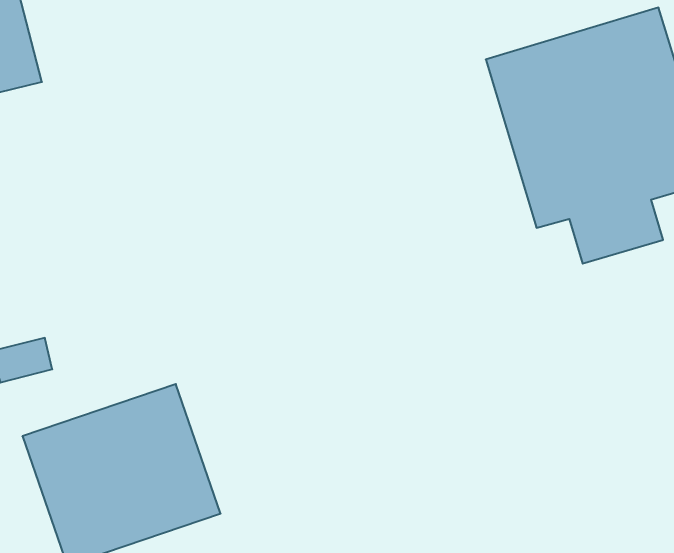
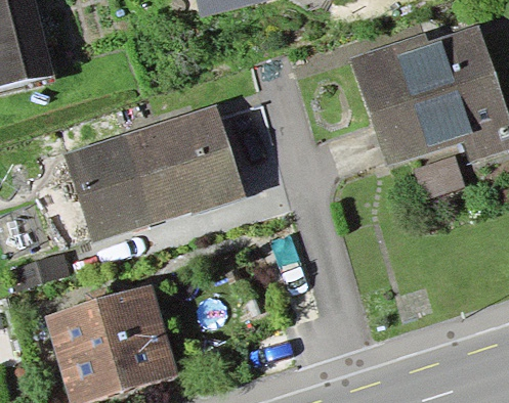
building: none -> [68,106,240,239]

